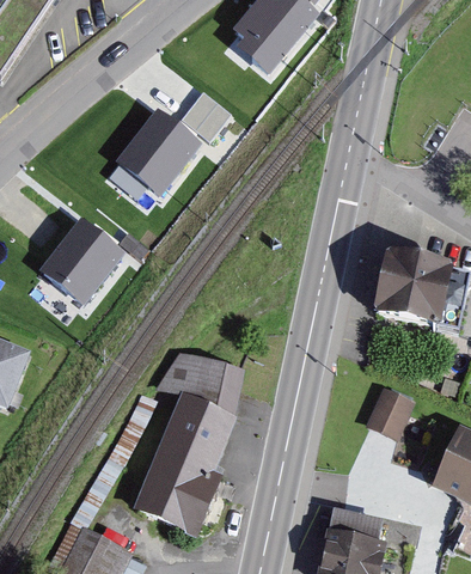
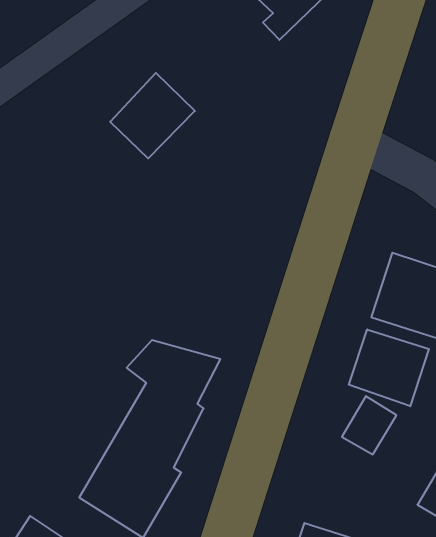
building: [182,88,231,140] -> none
building: [44,221,120,300] -> none
building: none -> [349,329,429,406]

